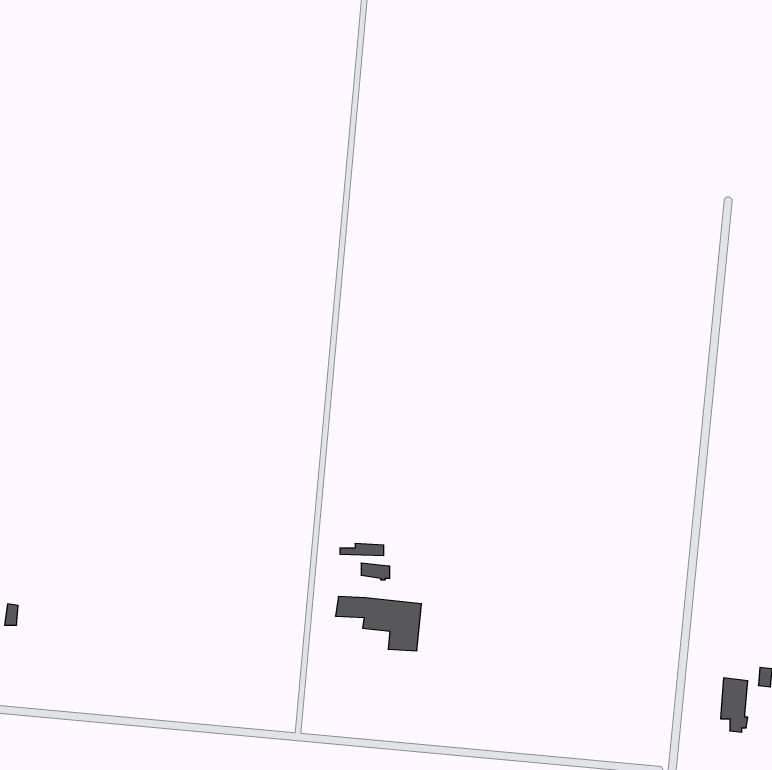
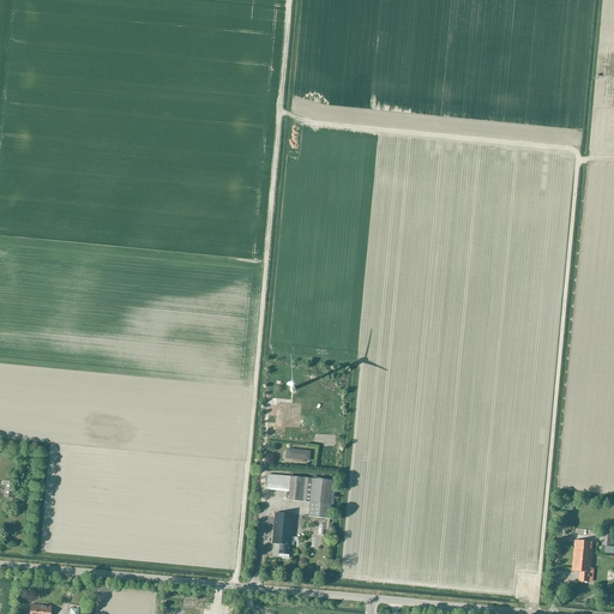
building: none -> [272,512,294,556]

